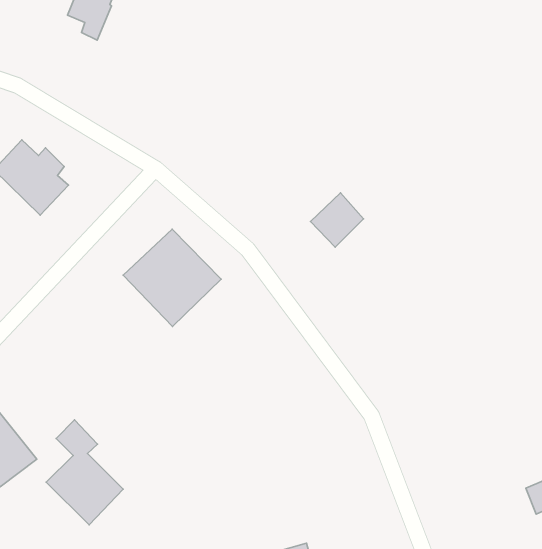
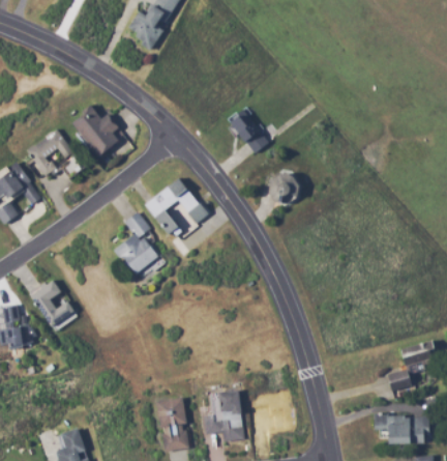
building: none -> [228,110,267,155]
building: [46,420,123,525] -> [113,212,161,281]

